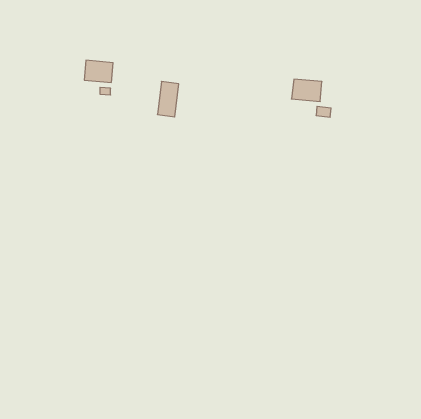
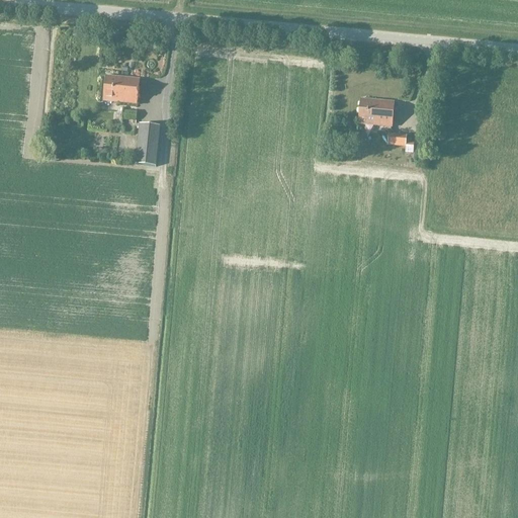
building: [157,81,179,117] -> [134,121,160,165]

